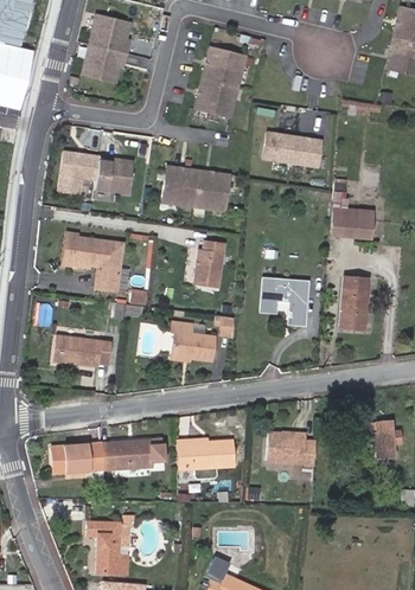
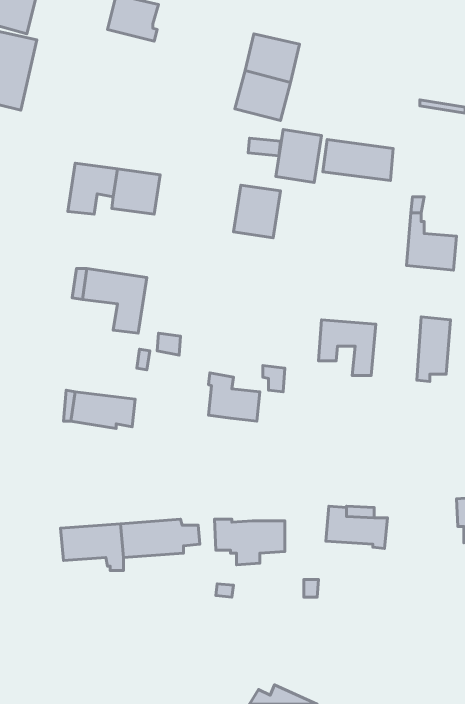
building: [83,44,128,82] -> none
building: [161,165,198,207] -> [276,130,321,182]
building: [194,241,224,288] -> none
building: [88,521,128,575] -> none

